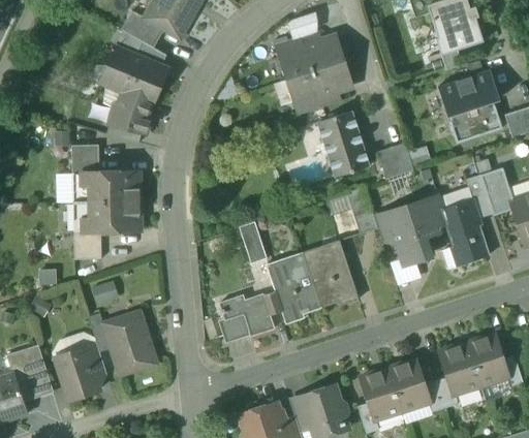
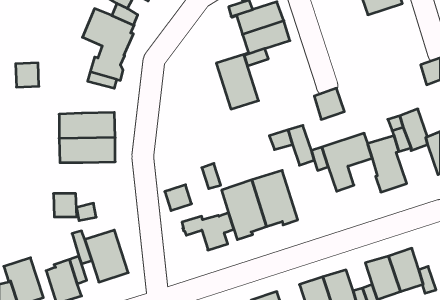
building: [437,69,501,137] -> none
building: [317,111,368,176] -> [216,55,259,109]
building: [71,144,99,173] -> [16,63,39,87]
building: [73,230,101,258] -> [53,194,77,217]
building: [218,311,250,342] -> [165,185,192,211]

